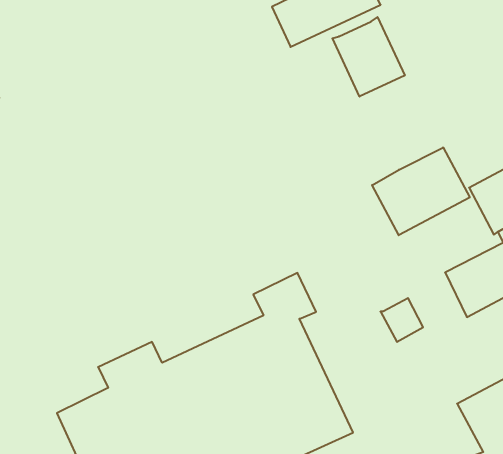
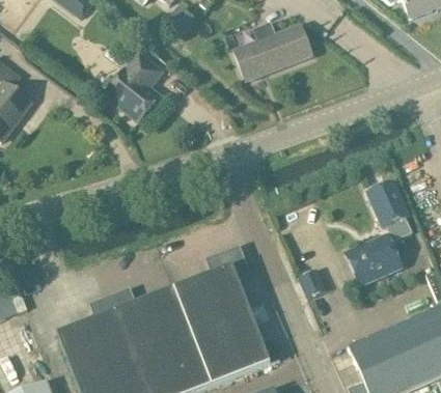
building: [332,17,405,97] -> none
building: none -> [105,54,162,122]
building: [372,147,470,235] -> none

